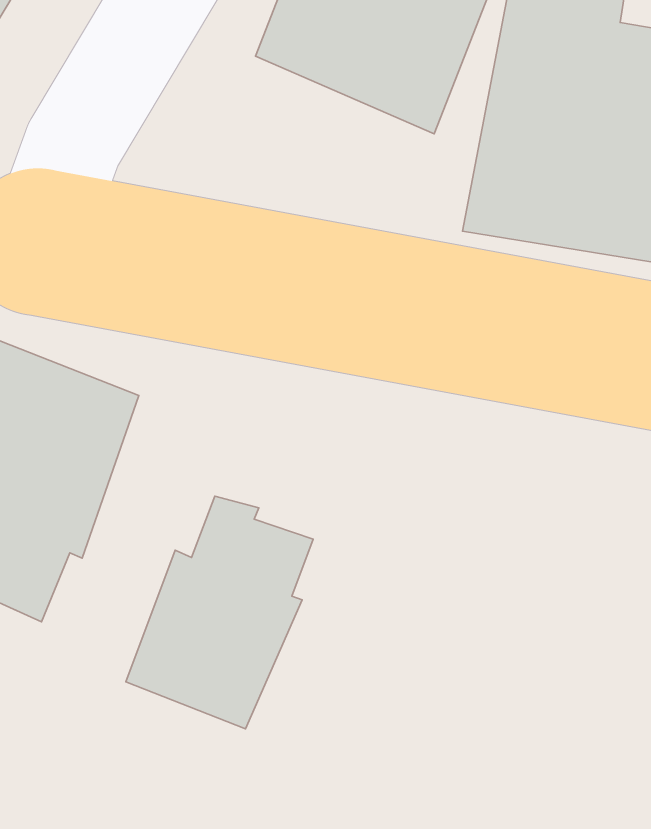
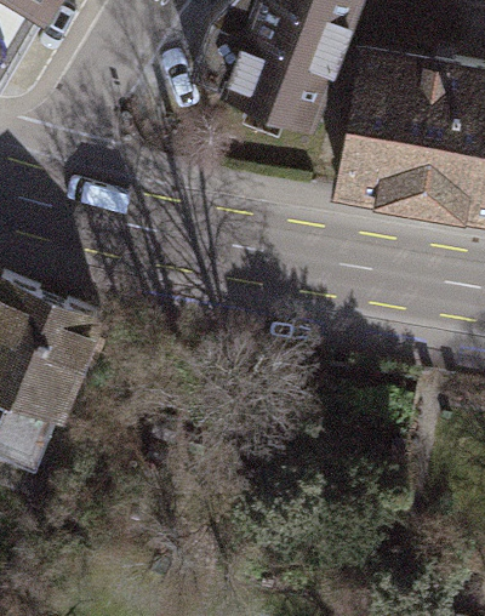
building: [126,496,313,729] -> none

